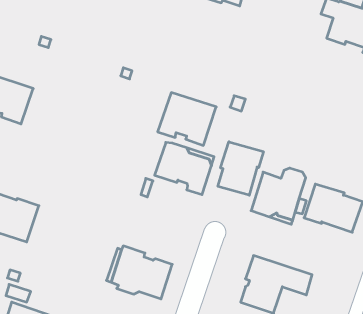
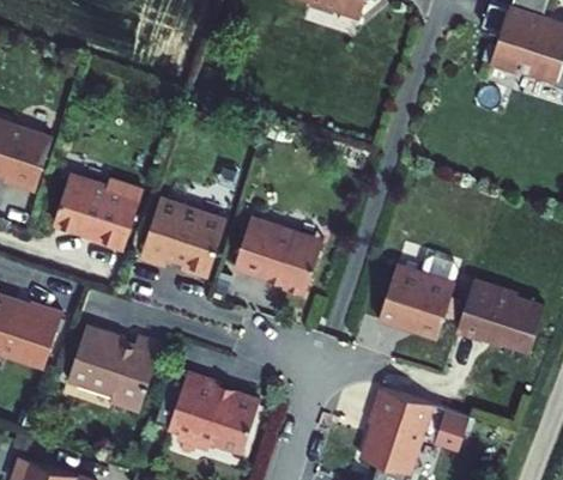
building: [158,93,216,145] -> [139,199,226,278]
building: none -> [54,175,143,251]
building: [218,142,263,195] -> none
building: none -> [67,324,162,414]

